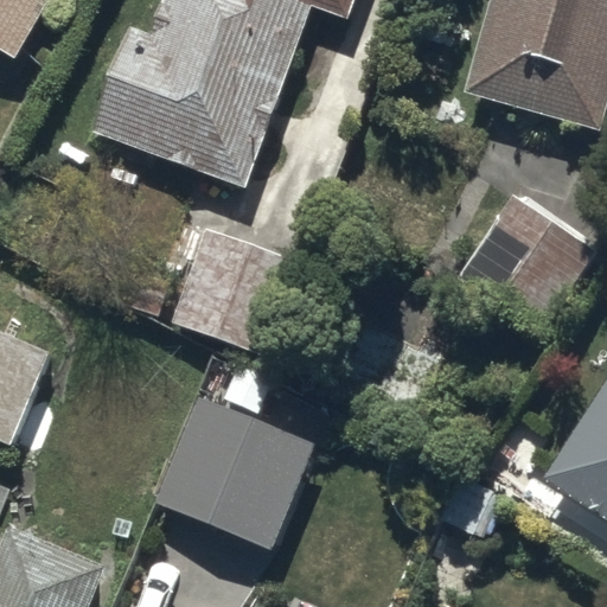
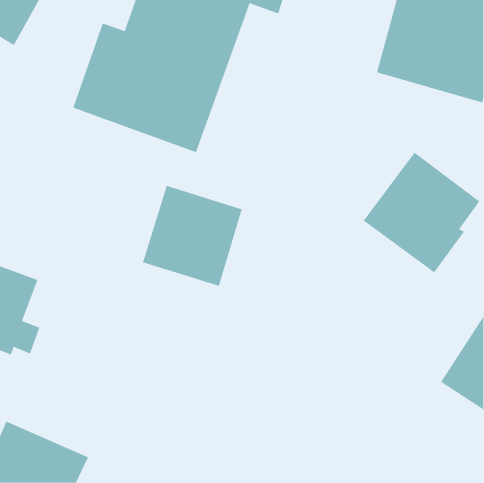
building: [155,372,315,550] -> none

